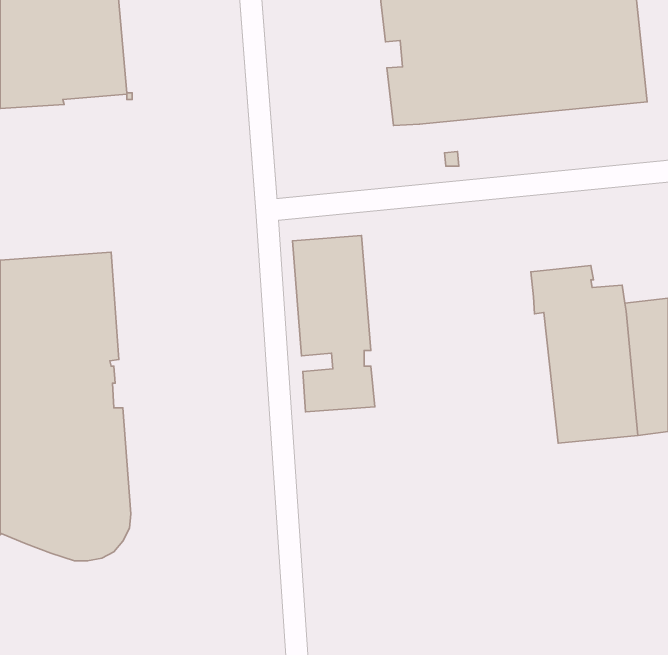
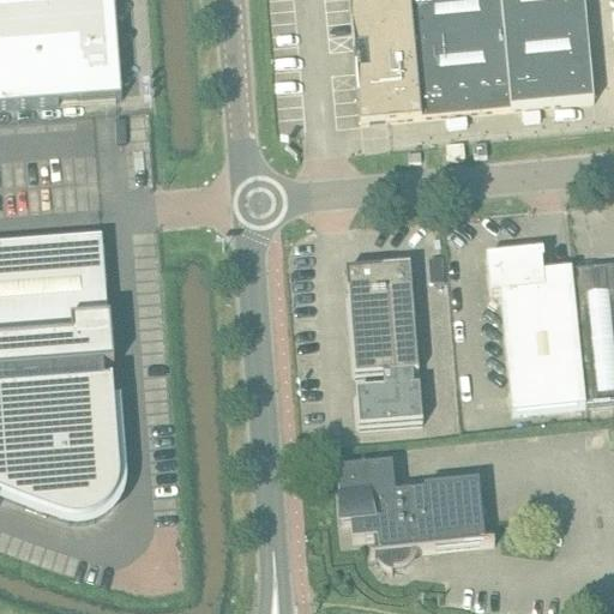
building: [292,235,375,412] -> [347,259,422,421]
building: none -> [337,457,494,566]

